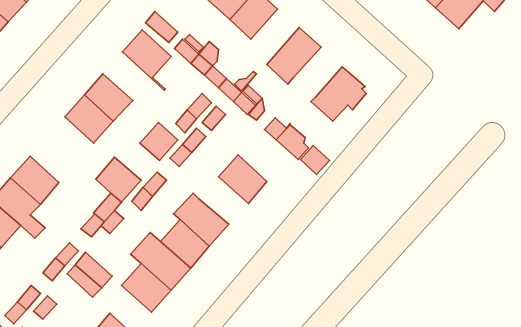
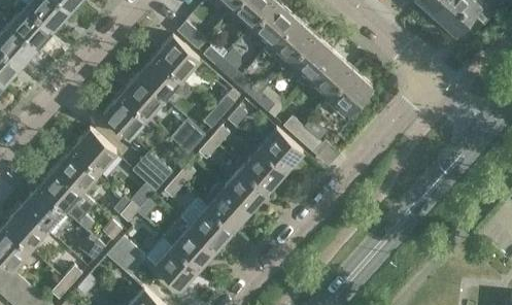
building: none -> [264,19,313,71]
building: none -> [308,53,351,97]
building: none -> [138,57,193,100]
building: none -> [259,129,302,172]
building: none -> [73,130,117,173]
building: none -> [224,168,268,210]

